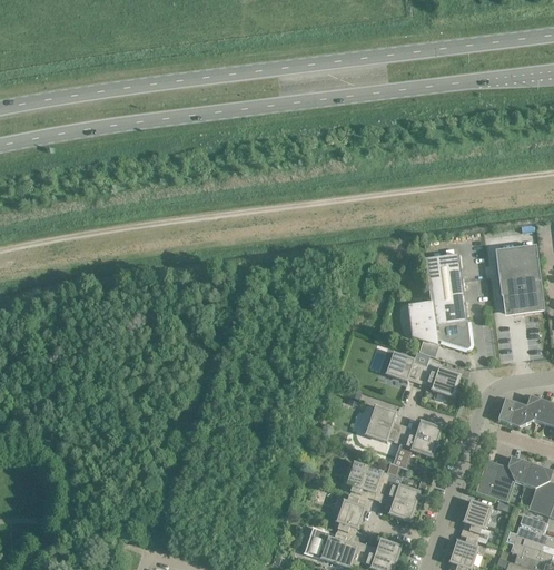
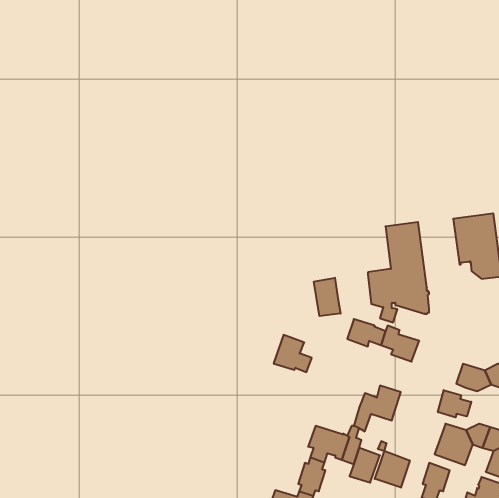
building: none -> [314,278,341,316]
building: [365,405,404,443] -> [274,335,312,372]
building: none -> [438,390,471,417]
building: none -> [375,451,410,488]

